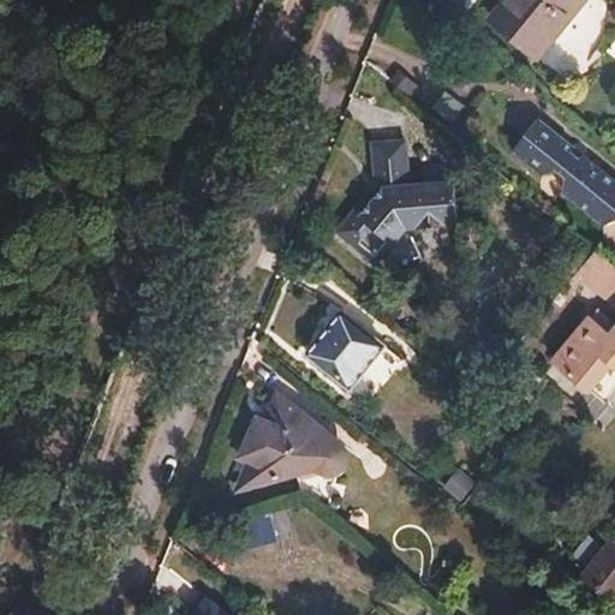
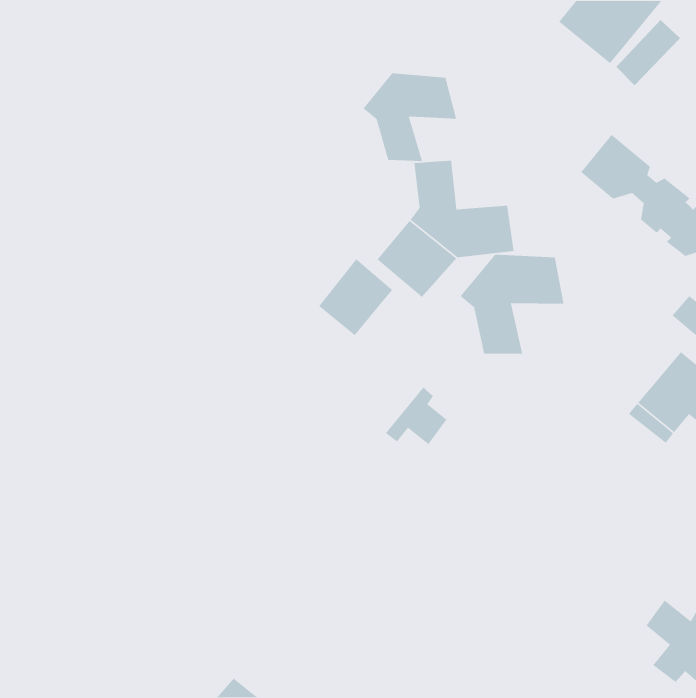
building: none -> [363,73,457,162]
building: none -> [459,254,565,354]
building: [308,312,374,381] -> [318,258,393,336]
building: [241,396,351,488] -> none

